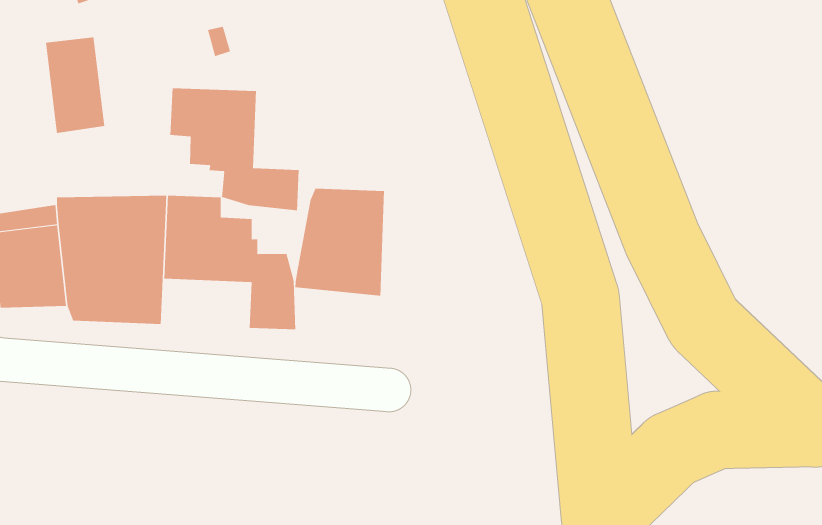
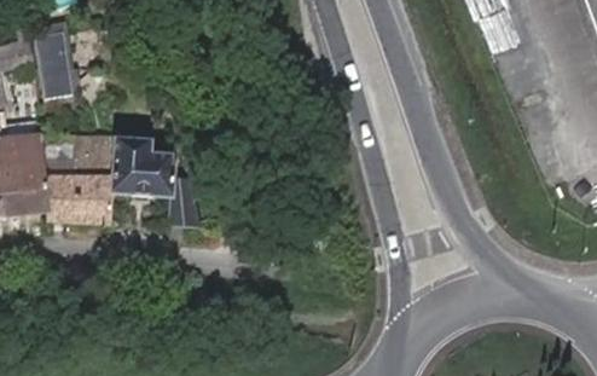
building: [170,87,299,211] -> none
building: [295,188,385,296] -> none

